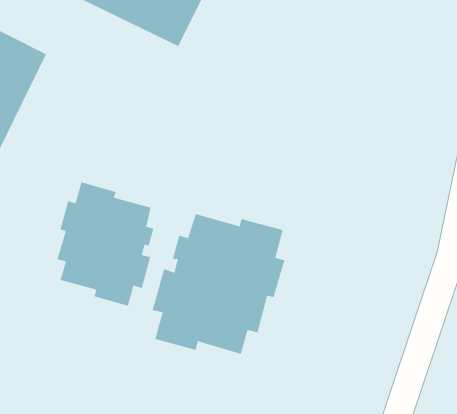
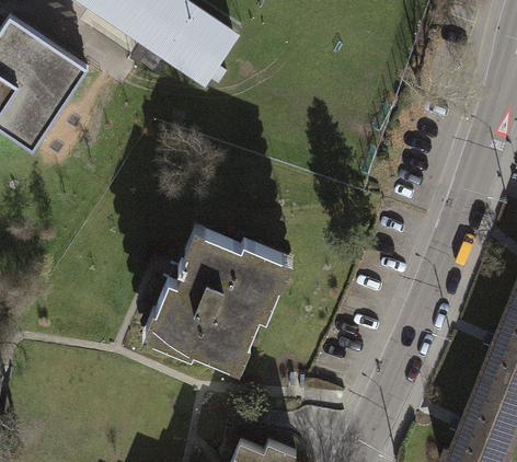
building: [57,181,154,307] -> none

